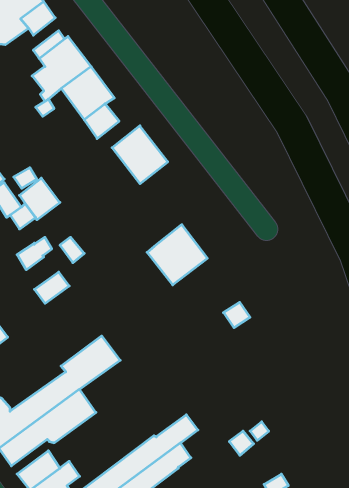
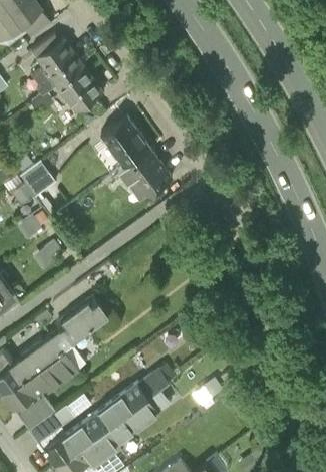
building: [147,225,207,285] -> [118,146,171,198]

